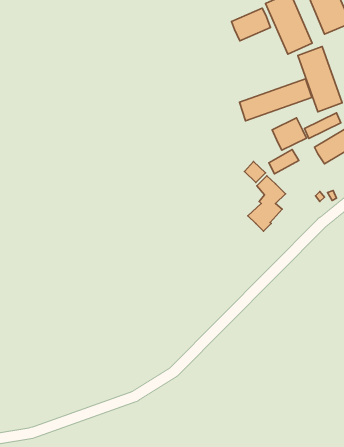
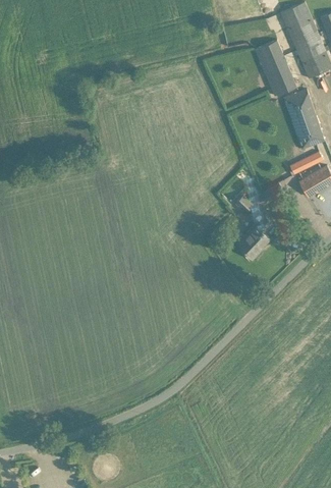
building: [231,8,270,41] -> none
building: [239,79,312,121] -> none
building: [272,118,306,150] -> none

